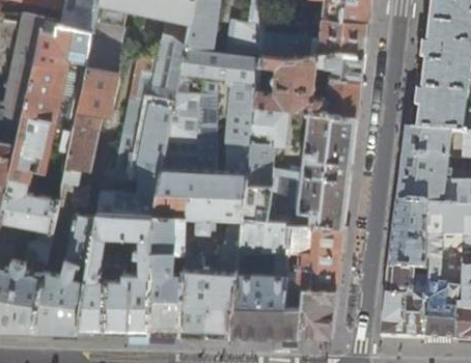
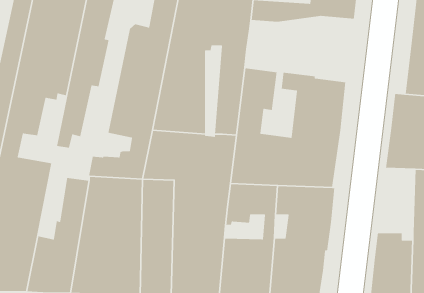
building: [253,51,364,117] -> none
building: [387,204,425,270] -> none

